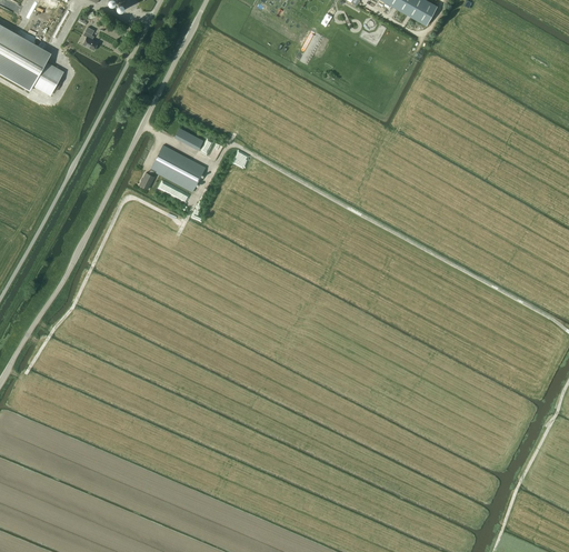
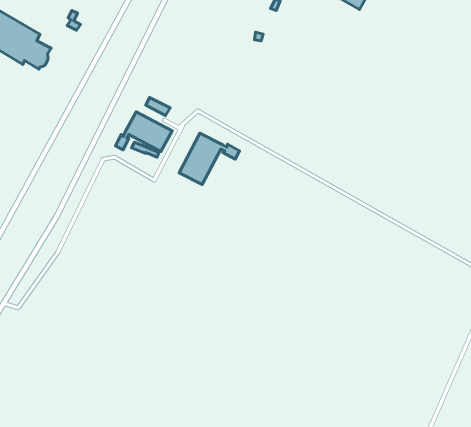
building: none -> [179,133,240,185]

